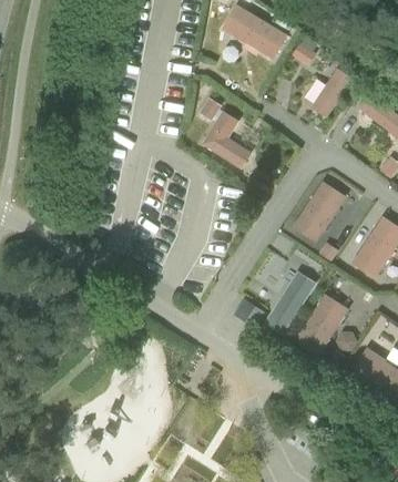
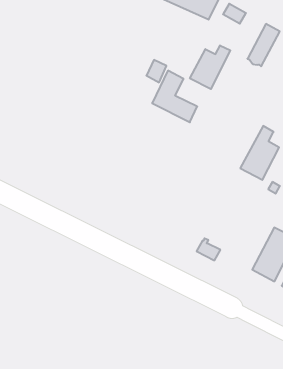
building: none -> [190,45,230,89]
building: [265,271,314,332] -> none

